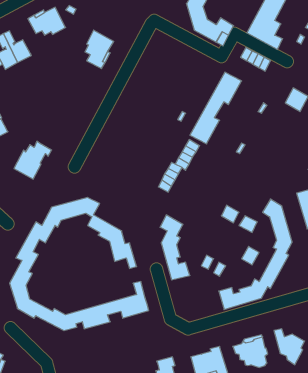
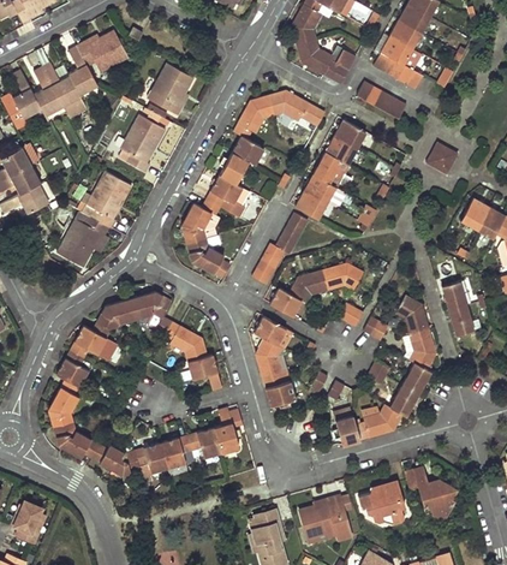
building: none -> [66,47,95,95]
building: none -> [183,91,327,279]
building: none -> [120,114,163,172]
building: none -> [88,171,130,228]
building: none -> [272,263,365,317]

